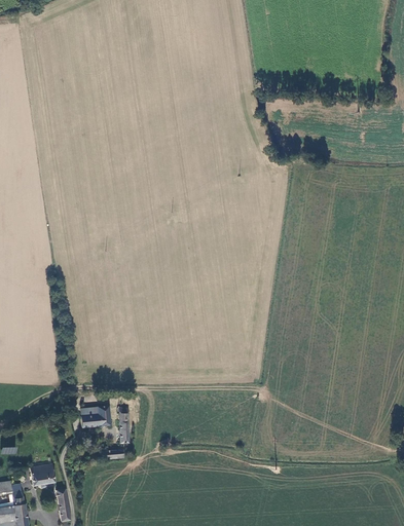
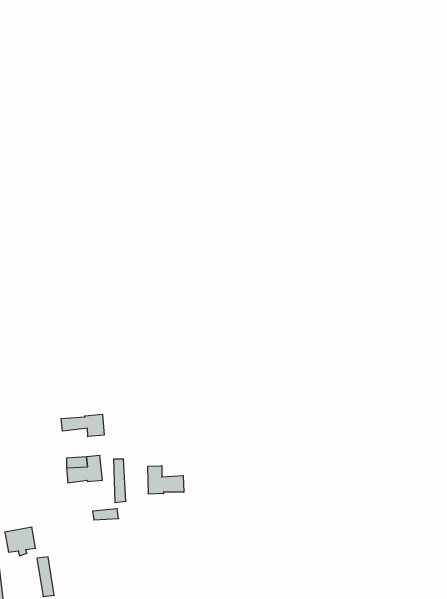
building: none -> [61,414,104,437]
building: none -> [148,466,184,494]

